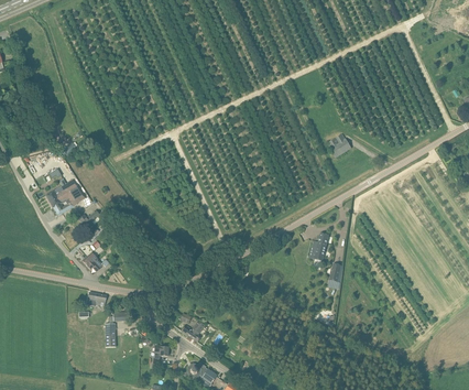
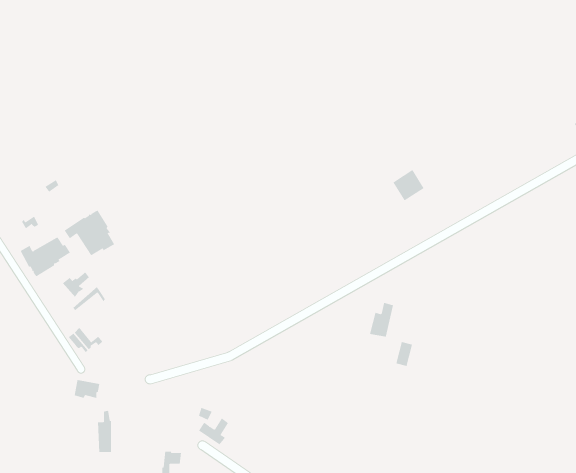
building: none -> [64,209,115,256]

